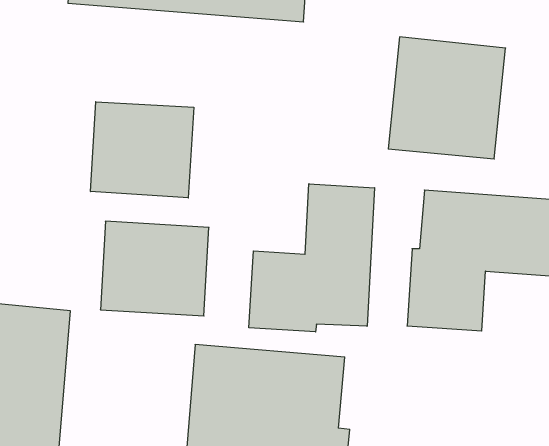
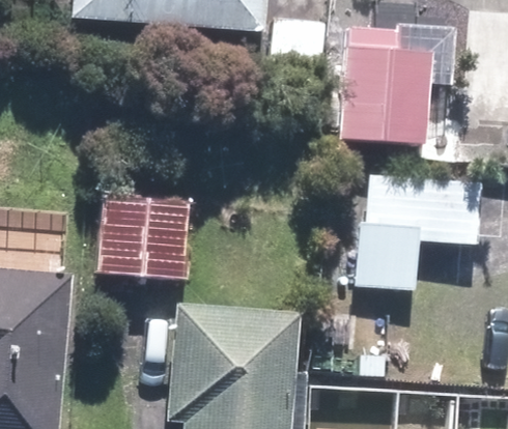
building: [91,102,194,198] -> none
building: [249,184,375,332] -> none

